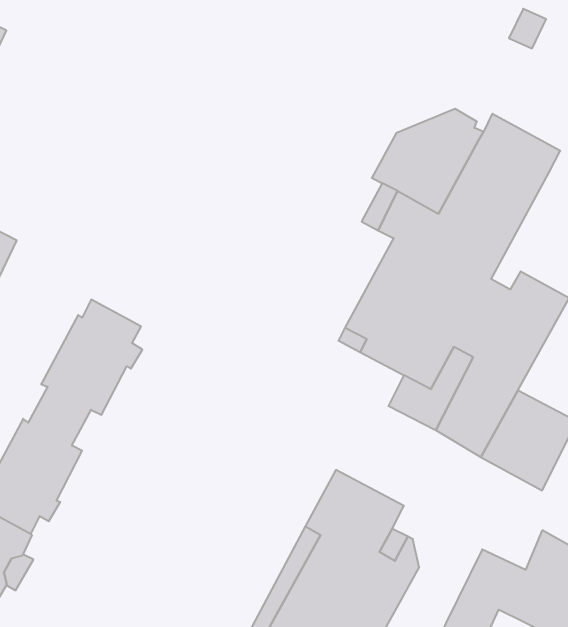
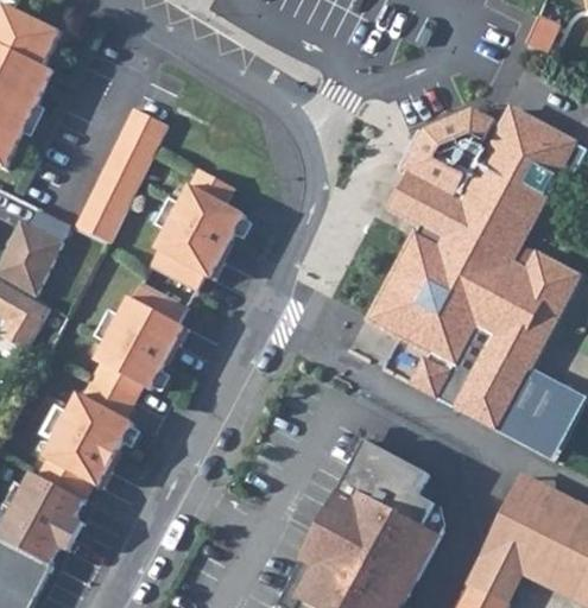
building: none -> [74,110,169,245]
building: none -> [146,169,241,292]
building: none -> [500,476,556,533]

